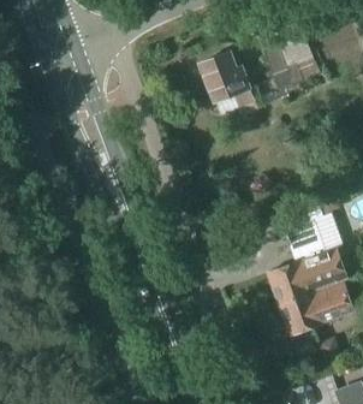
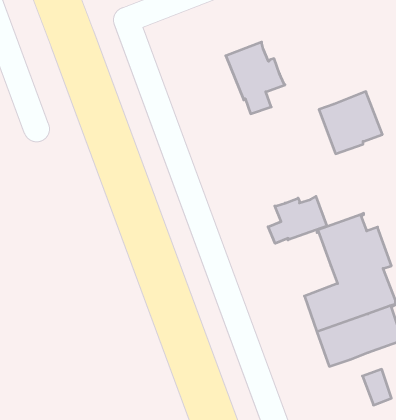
building: [263,35,319,89] -> [319,92,382,154]
building: none -> [268,196,327,243]

